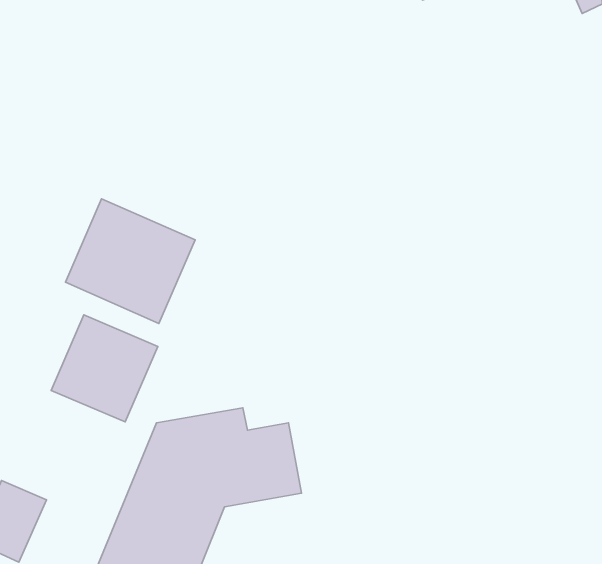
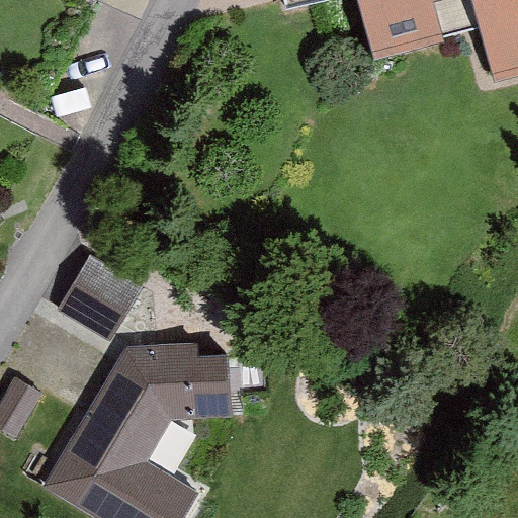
building: [65,199,195,323] -> none

